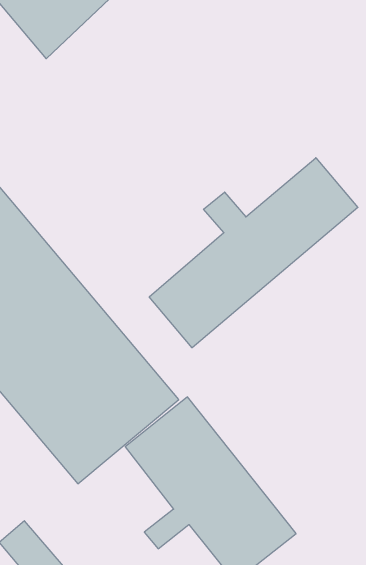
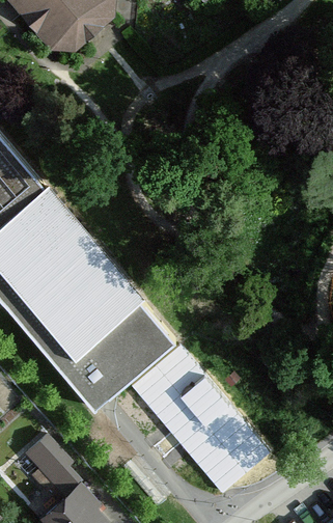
building: [149,158,358,348] -> none

